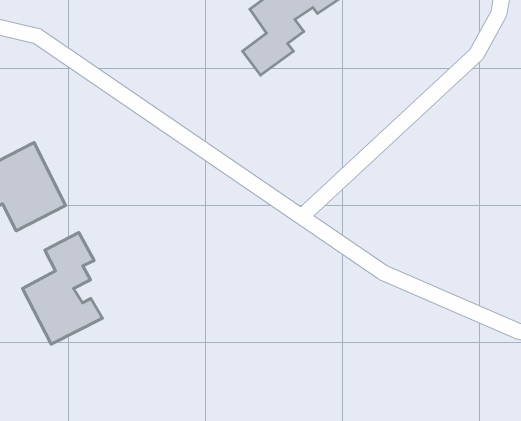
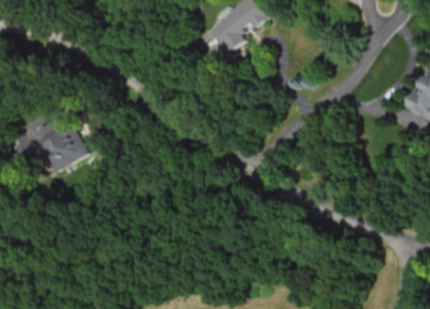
building: [23,233,103,344] -> none

